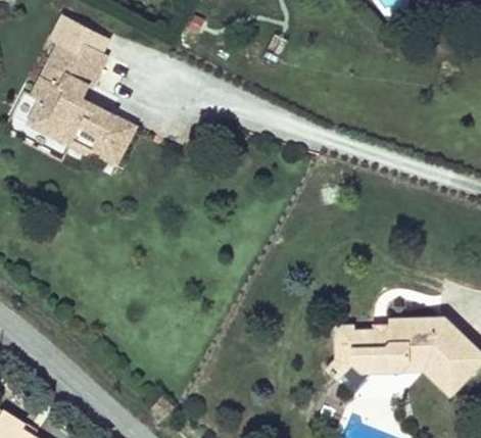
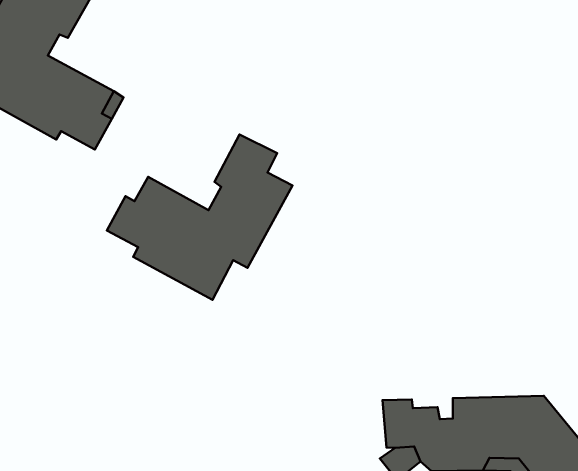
building: none -> [107,135,293,300]

